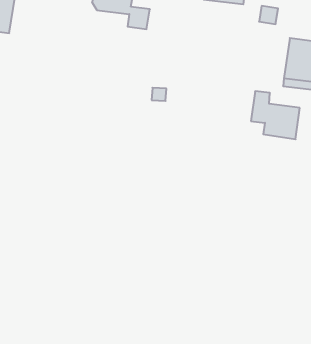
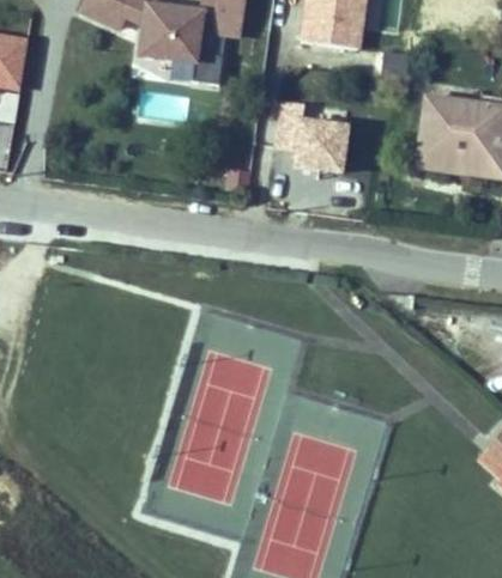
building: [251,91,300,139] -> [276,103,346,172]

